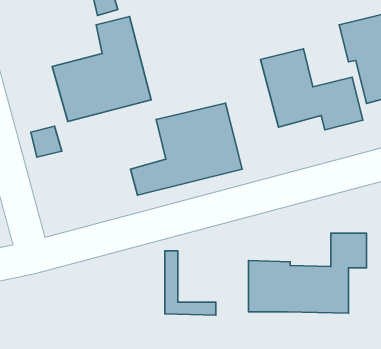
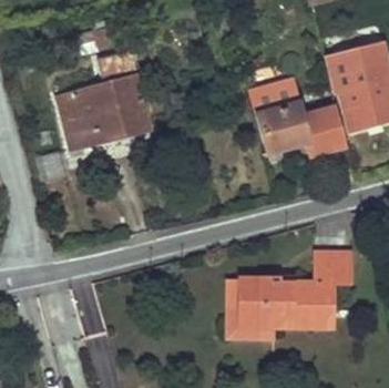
building: [131,103,242,195] -> none
building: [165,251,216,315] -> [227,277,275,337]

